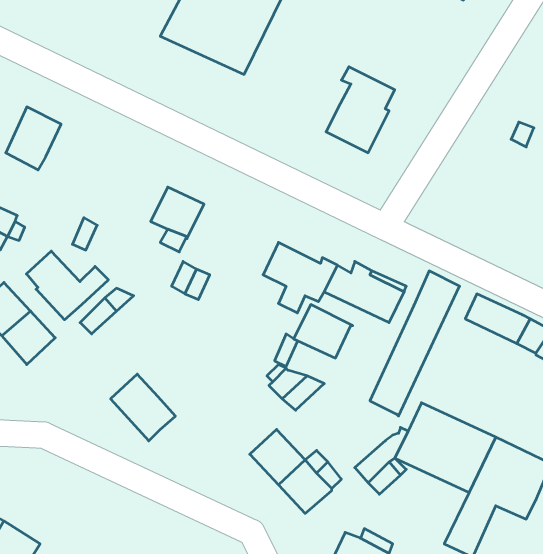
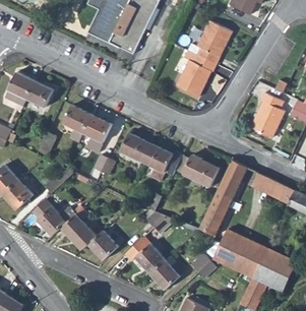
building: none -> [196,21,232,64]
building: none -> [26,81,53,108]
building: none -> [250,92,285,138]
building: none -> [63,106,91,133]
building: [26,251,108,320] -> [32,199,75,236]
building: [294,305,353,358] -> [120,133,151,162]
building: none -> [87,231,117,260]

